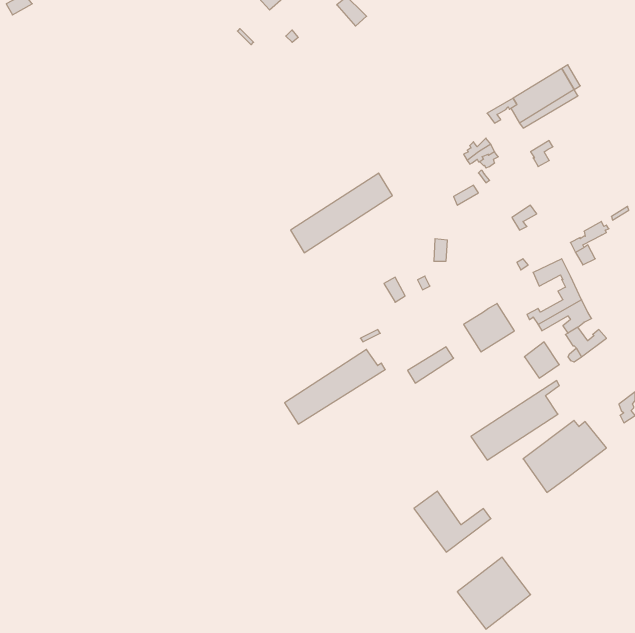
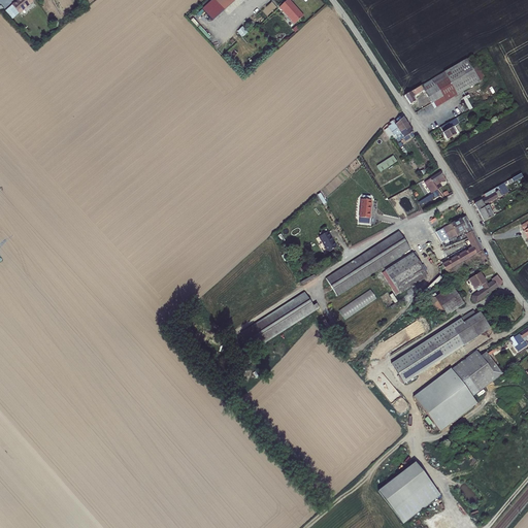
building: [291,173,392,253] -> [326,229,410,295]
building: none -> [453,308,490,343]
building: [414,491,491,552] -> [415,381,478,431]

